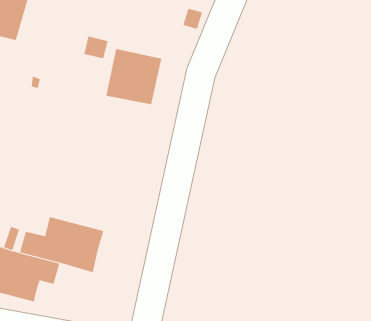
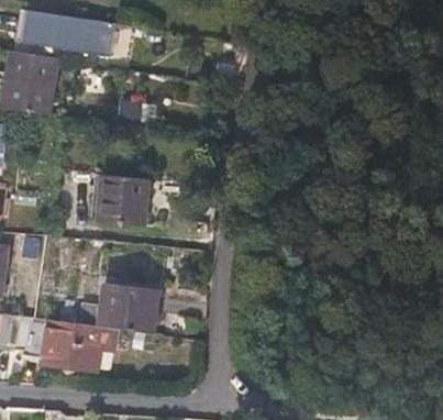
building: [105,48,162,105] -> [96,175,147,226]

